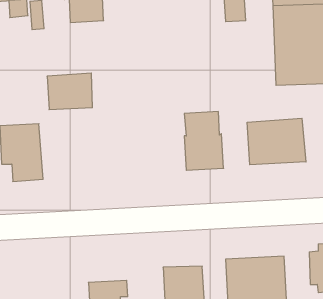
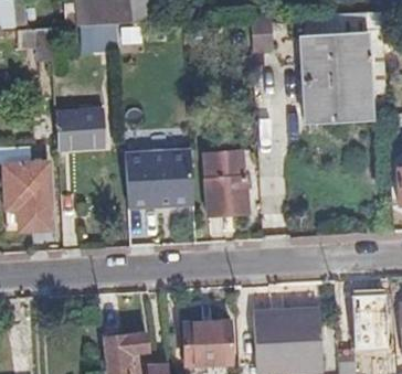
building: none -> [126,149,195,207]
building: [247,118,306,165] -> none

